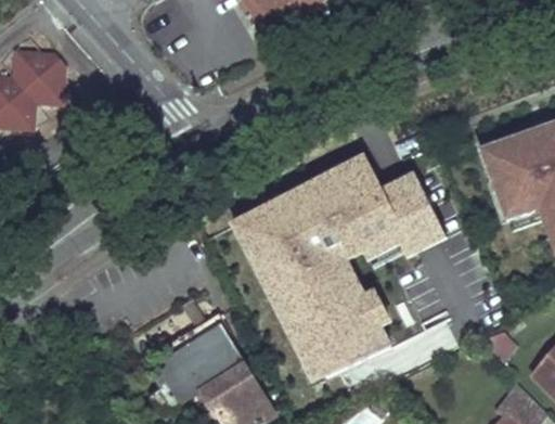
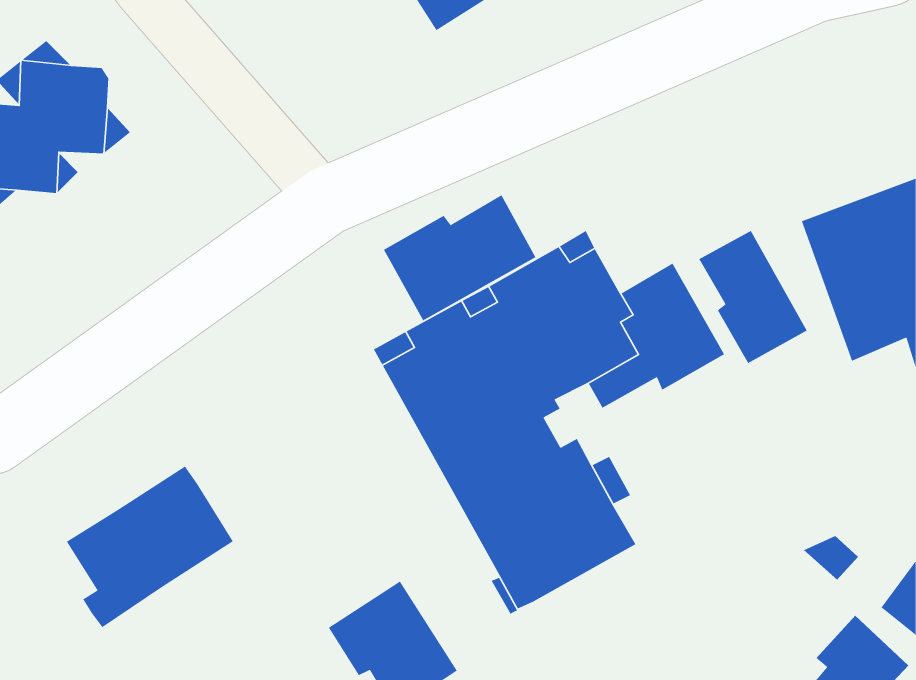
building: none -> [383,194,537,322]
building: none -> [698,230,808,364]
building: [143,318,244,415] -> [66,465,234,628]

